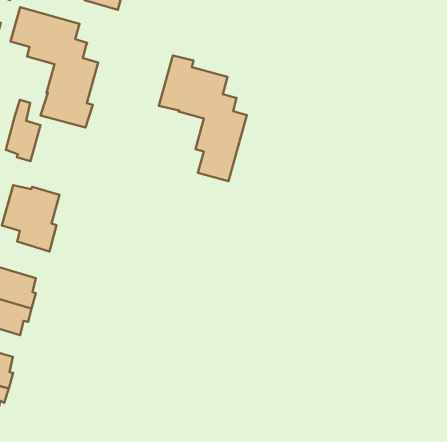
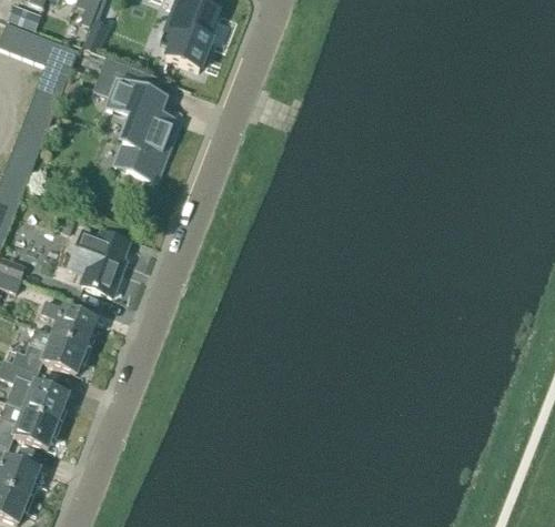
building: [159,56,247,181] -> none
building: [6,100,41,161] -> none

